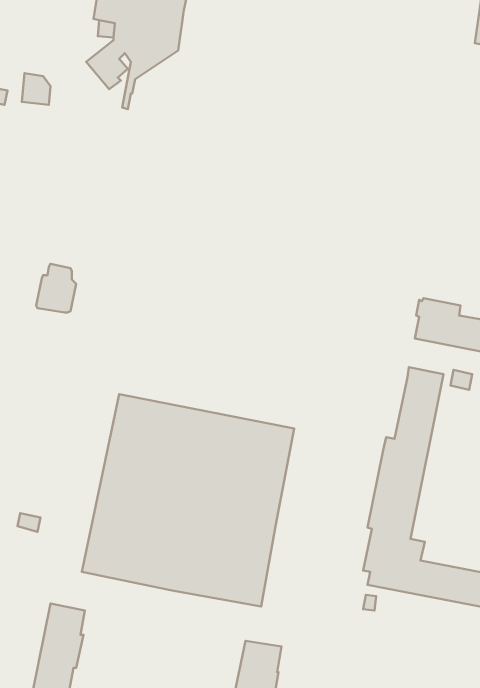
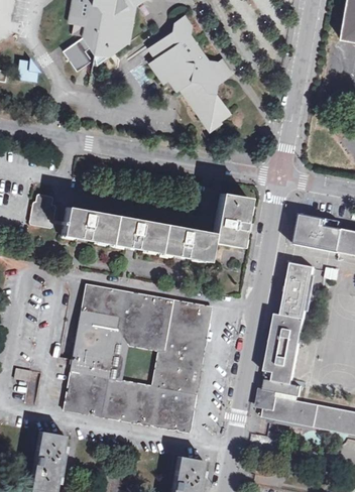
building: none -> [149,12,233,131]
building: none -> [62,195,248,262]

